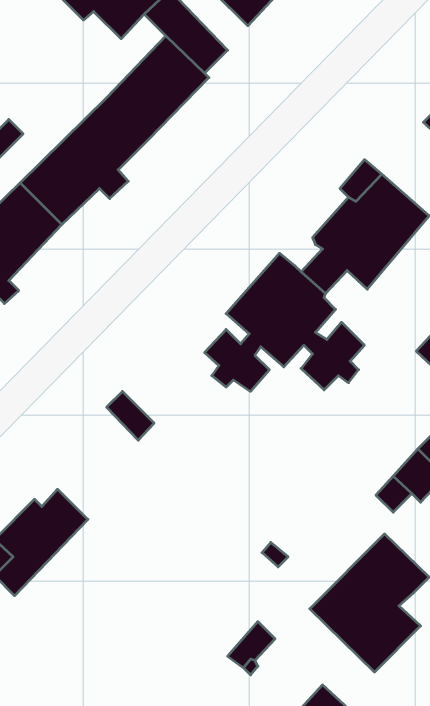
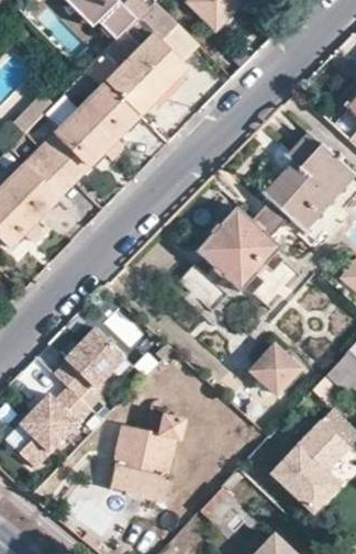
building: none -> [57,323,130,406]
building: none -> [248,342,299,392]
building: none -> [112,403,185,501]

